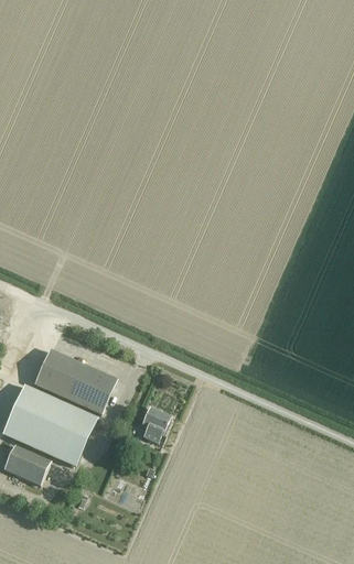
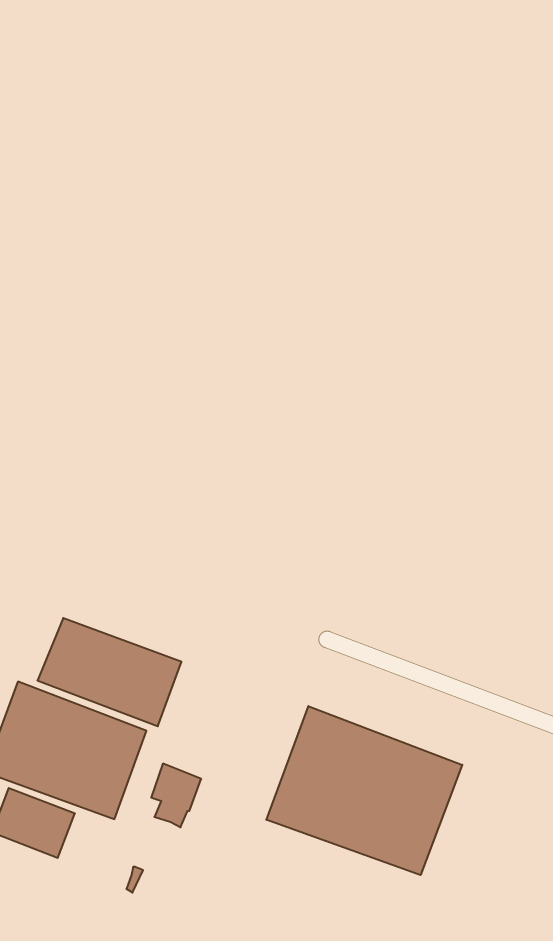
building: [141,406,170,443] -> [151,764,201,827]
building: none -> [266,706,462,875]

